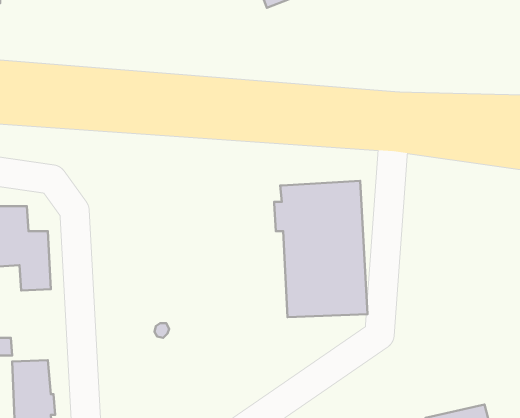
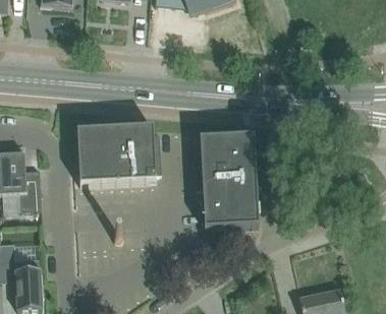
building: none -> [76,128,159,186]

